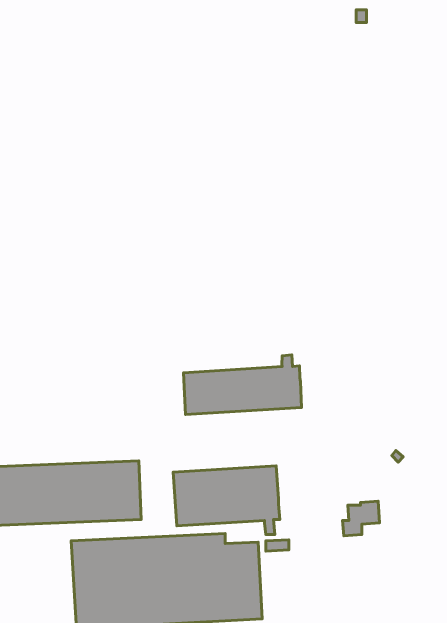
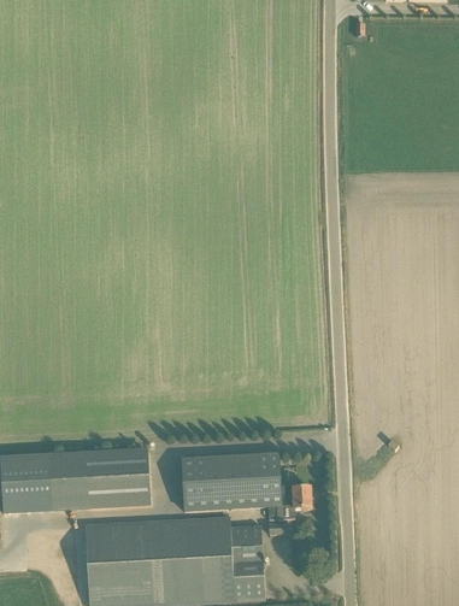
building: [183,355,301,415] -> none
building: [343,501,380,536] -> [276,487,311,519]

